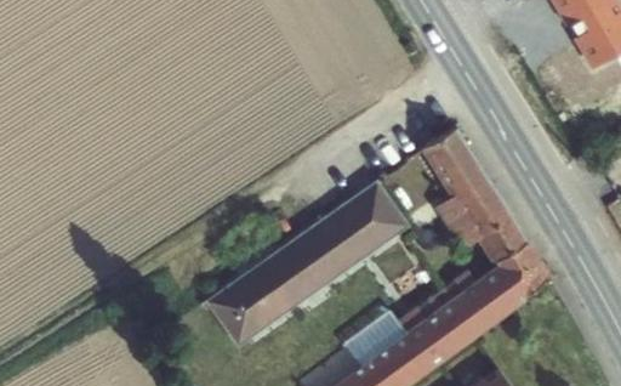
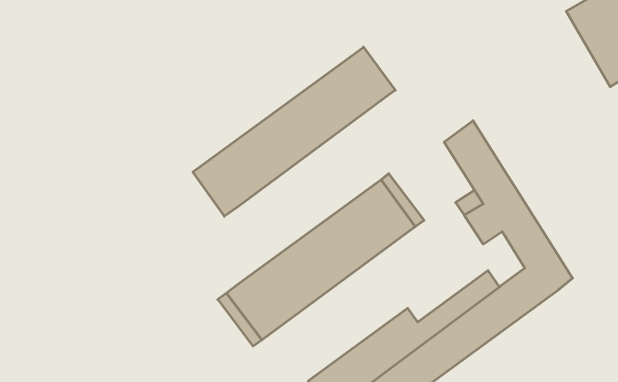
building: none -> [193,47,395,216]

